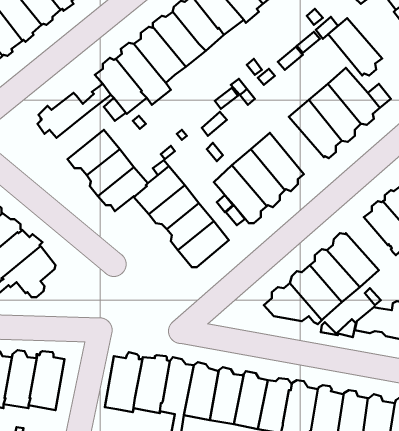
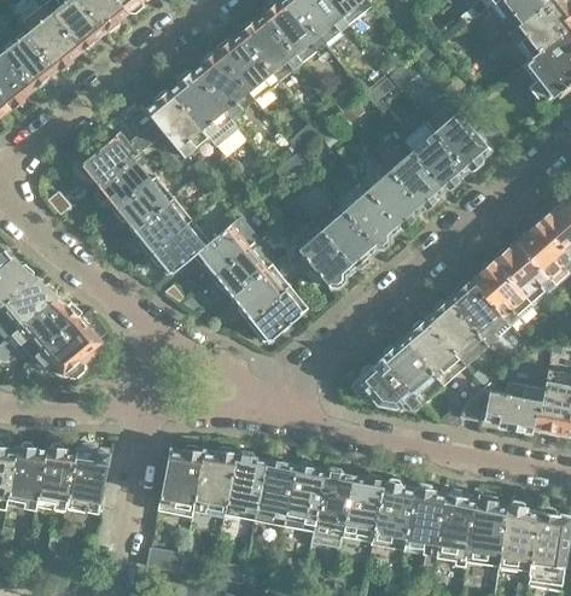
building: [328,18,382,75] -> [357,160,423,229]
building: none -> [100,154,157,211]
building: none -> [449,281,506,345]

